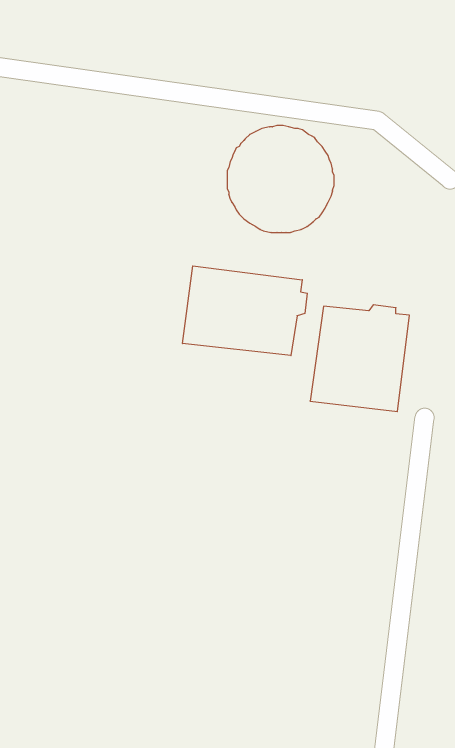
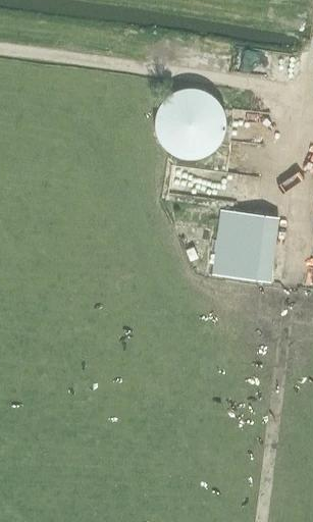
building: [183,266,307,356] -> none

